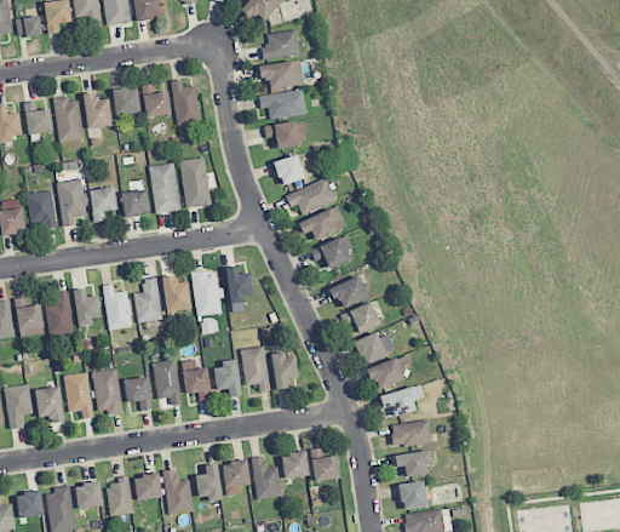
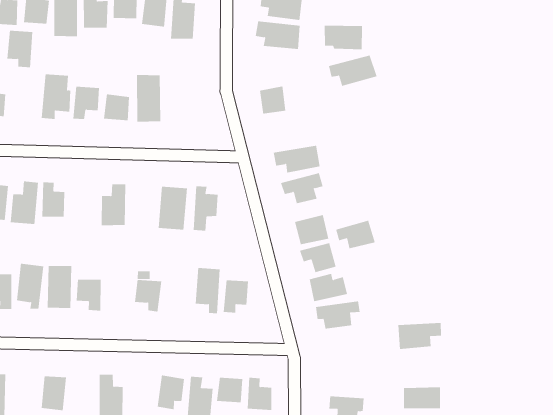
building: [263,120,305,148] -> [324,25,363,50]
building: [179,158,209,208] -> none
building: [285,178,335,214] -> [328,55,377,86]
building: [27,191,54,229] -> [7,30,33,68]
building: none -> [336,220,376,249]
building: [162,275,189,311] -> none
building: [103,284,131,330] -> none
building: [153,361,180,406] -> none
building: [212,361,240,397] -> none
building: [377,385,423,419] -> [397,323,442,350]
building: [390,419,431,447] -> [403,387,441,409]
building: [195,464,220,500] -> none
building: [133,474,161,500] -> none
building: [75,482,102,509] -> none

